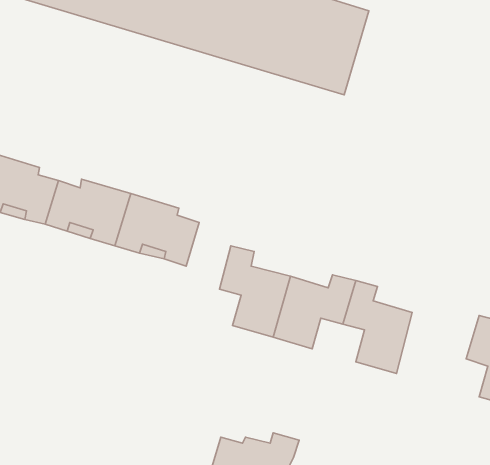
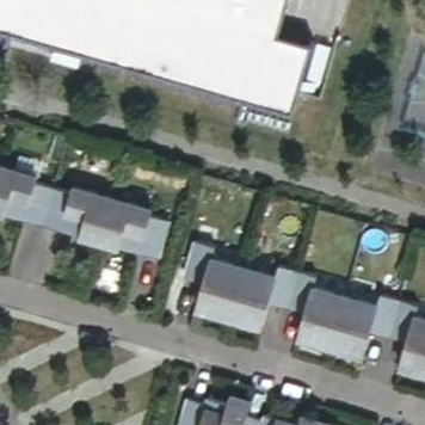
building: none -> [331,294,399,356]

